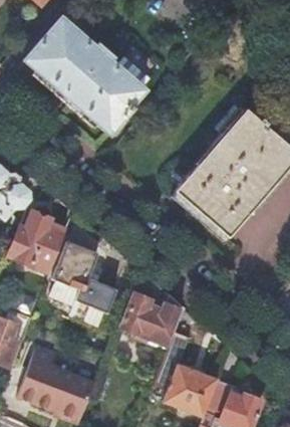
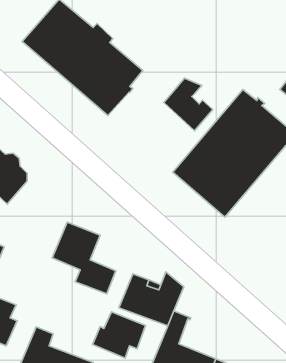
building: none -> [164,78,213,131]
building: [10,212,67,272] -> none
building: none -> [93,312,145,358]

